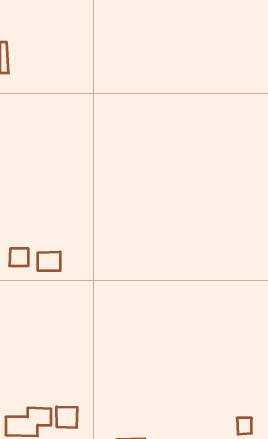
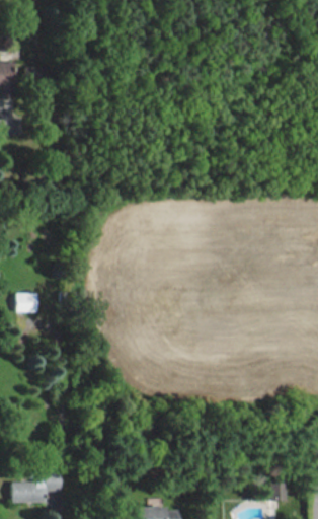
building: [38,252,60,271] -> none
building: [57,407,77,428] -> none

